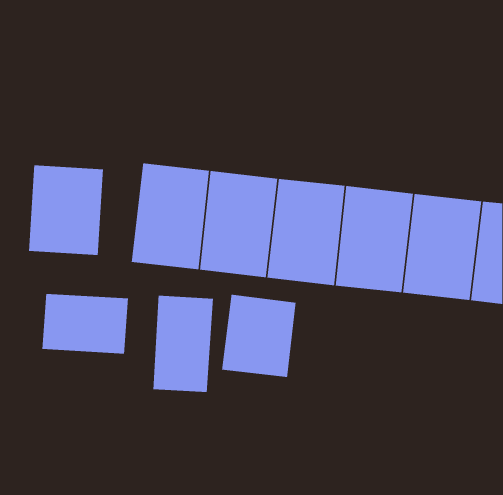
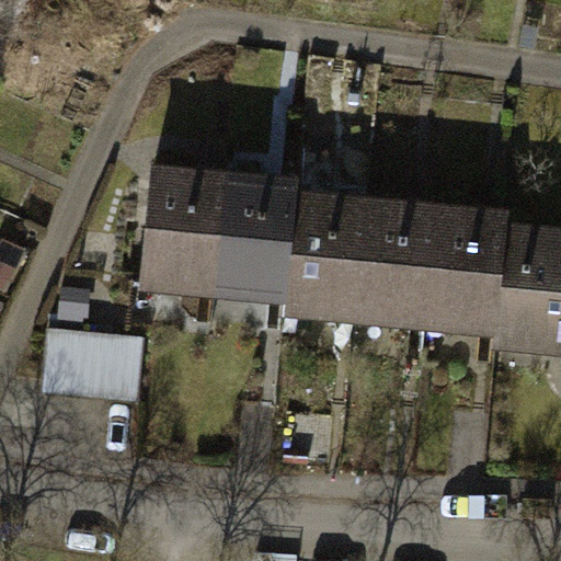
building: [28,165,104,256] -> none
building: [221,294,296,378] -> none
building: [153,295,214,393] -> none

